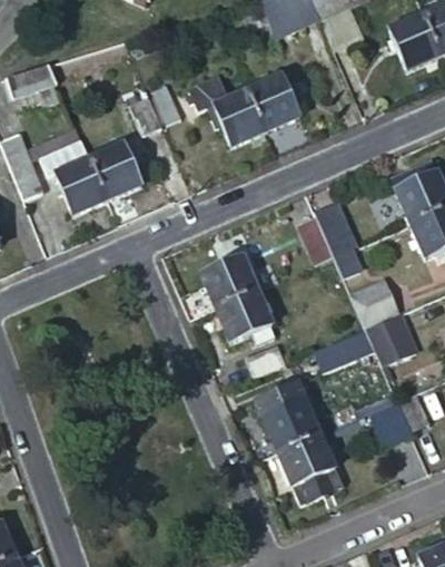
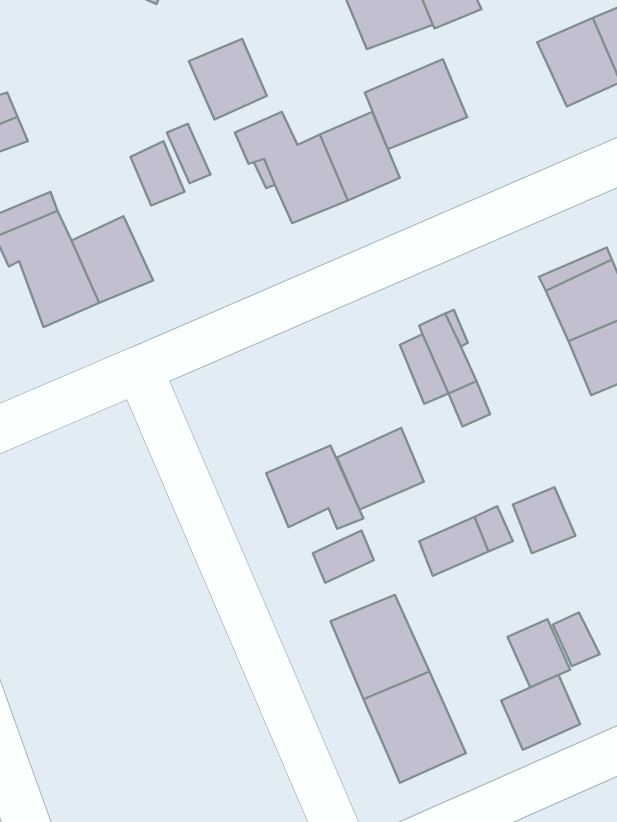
building: none -> [189,39,267,119]
building: none -> [365,59,467,149]
building: [201,253,257,305] -> [337,428,424,510]
building: [349,277,397,324] -> none
building: none -> [501,675,580,750]

